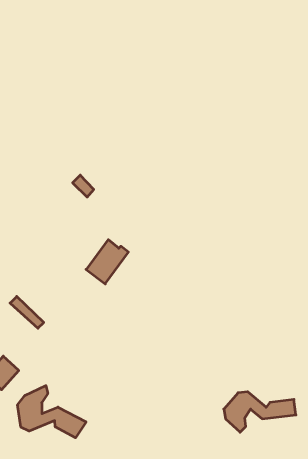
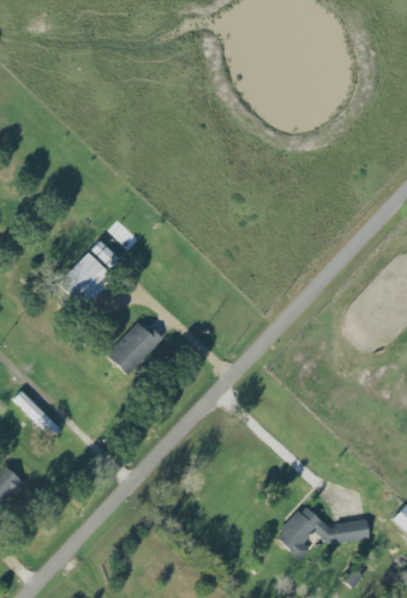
building: none -> [64,253,114,303]
building: [18,386,86,438] -> none

